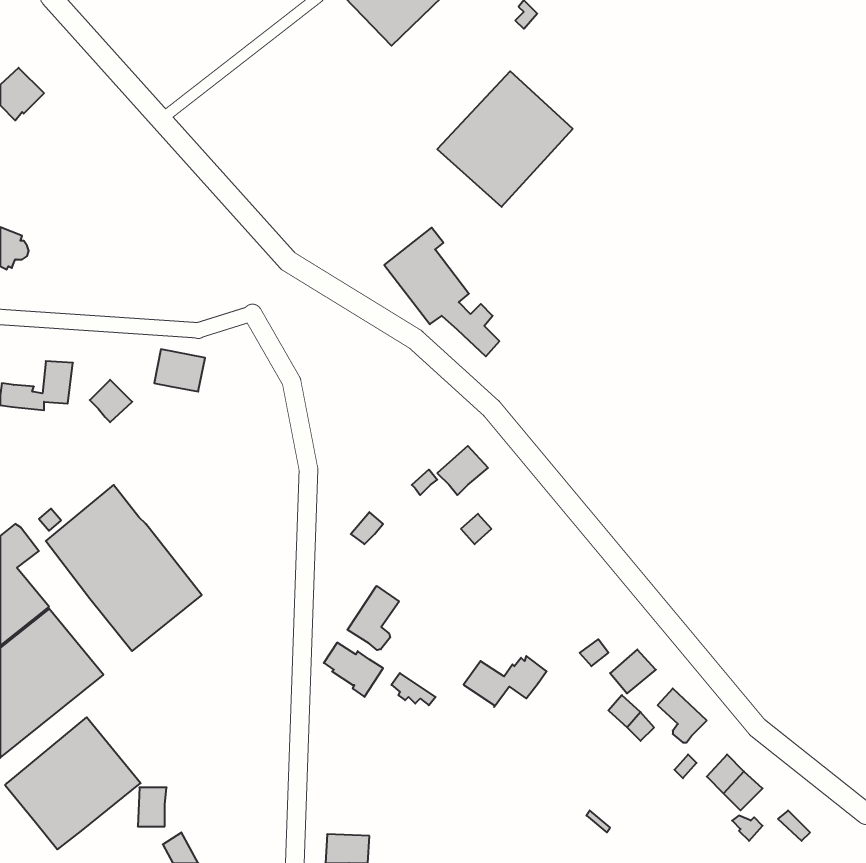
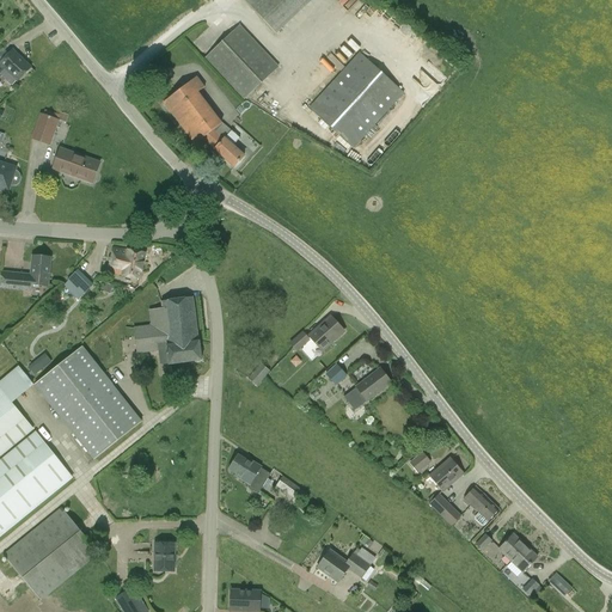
building: none -> [204,23,279,98]
building: none -> [31,110,59,142]
building: none -> [56,148,97,180]
building: [384,228,499,356] -> [163,74,244,165]
building: none -> [133,295,201,362]
building: none -> [344,366,391,409]
building: [347,586,399,650] -> none
building: [464,656,547,707] -> [317,545,375,581]
building: [138,787,167,826] -> [154,541,175,569]

